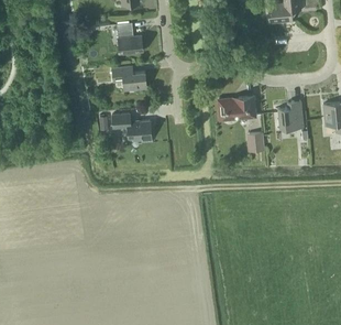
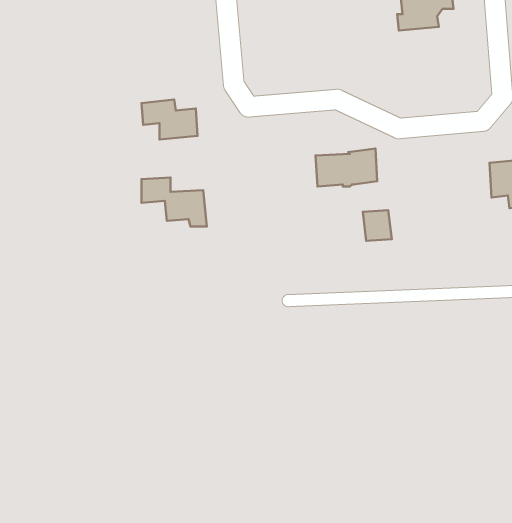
building: [117,21,143,53] -> none
building: [277,100,302,129] -> none

